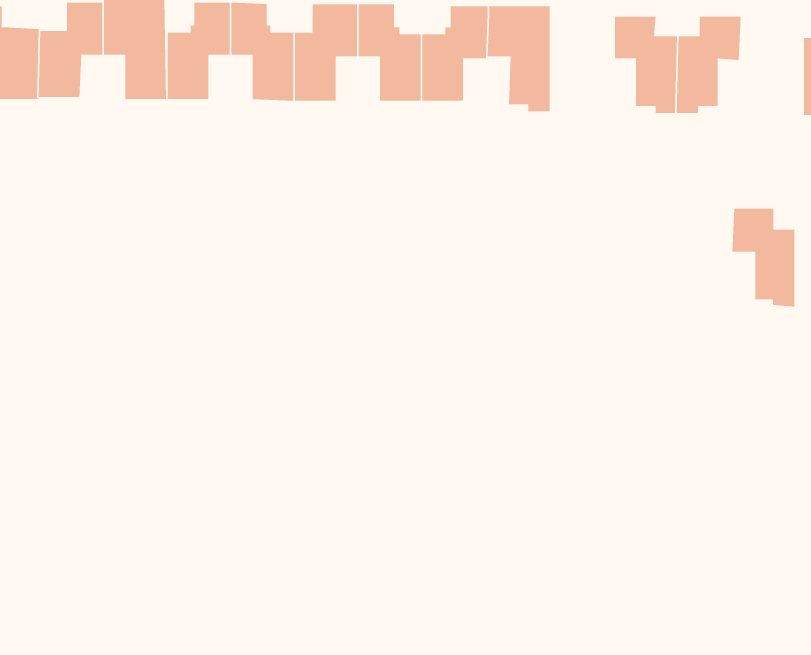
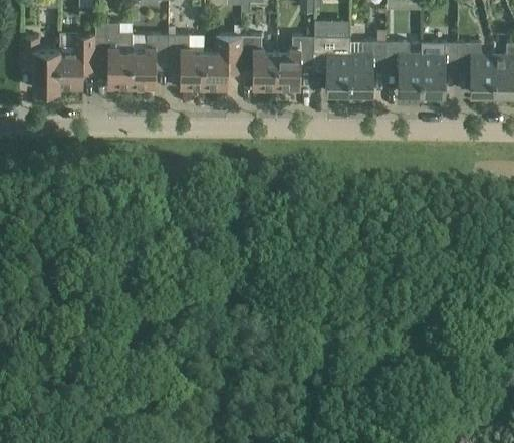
building: none -> [349,41,386,96]
building: [732,208,795,307] -> [457,42,493,98]

